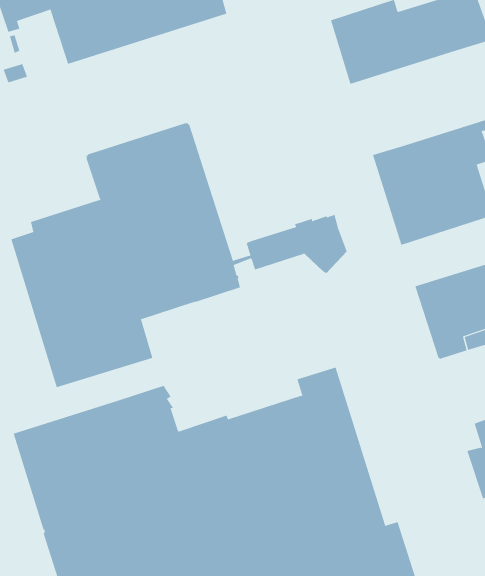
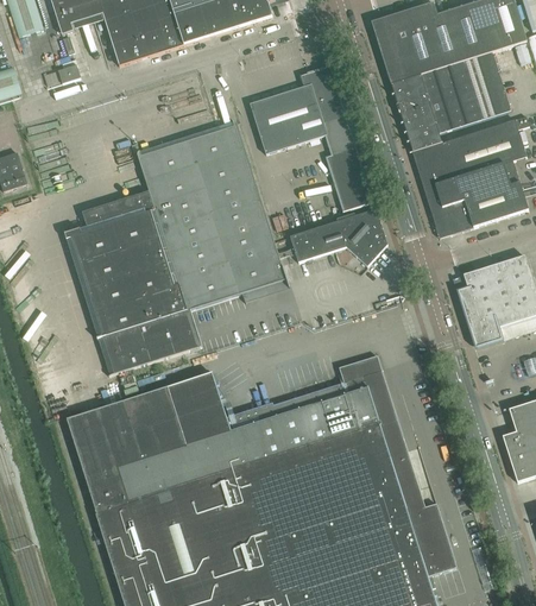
building: none -> [390,52,510,152]
building: none -> [250,64,373,212]

